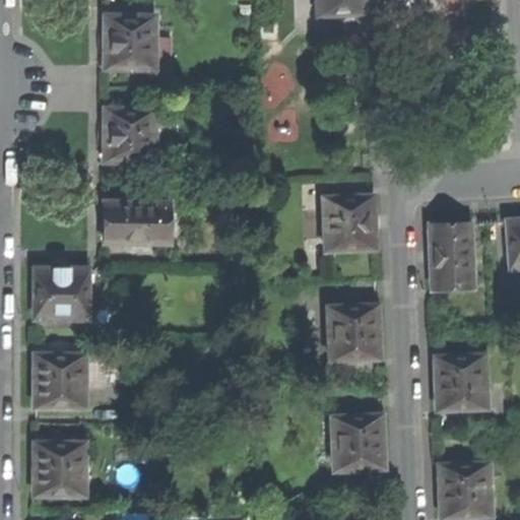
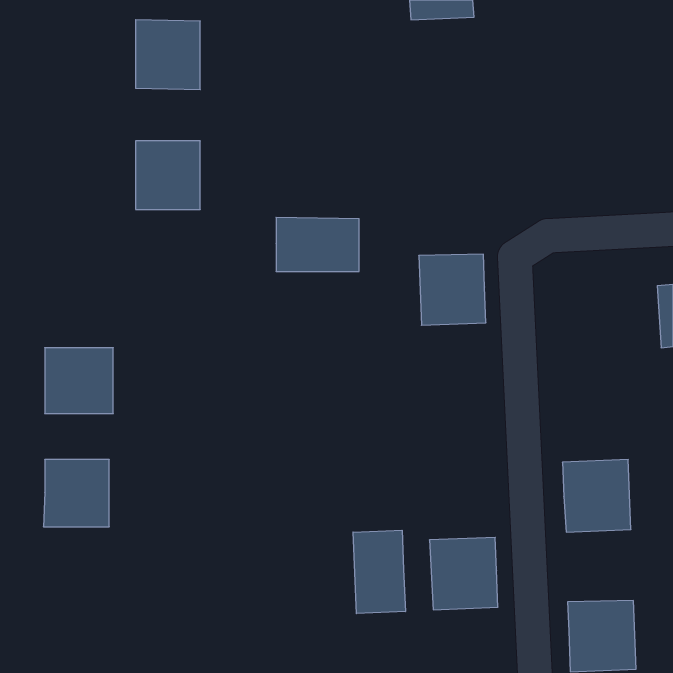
building: [105,201,169,243] -> [276,217,359,271]
building: [429,223,472,289] -> none
building: [327,305,380,361] -> none
building: none -> [353,530,405,614]
building: [34,443,84,495] -> none

